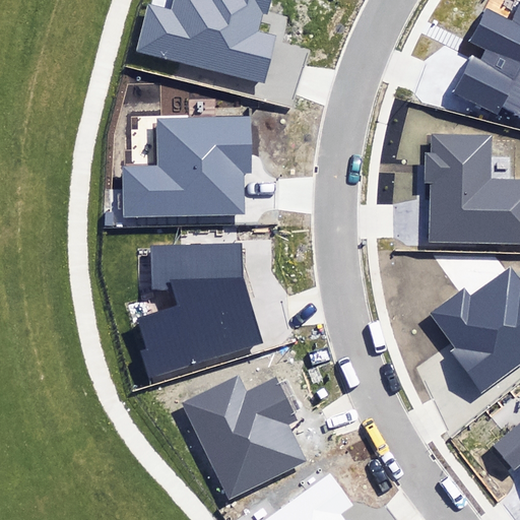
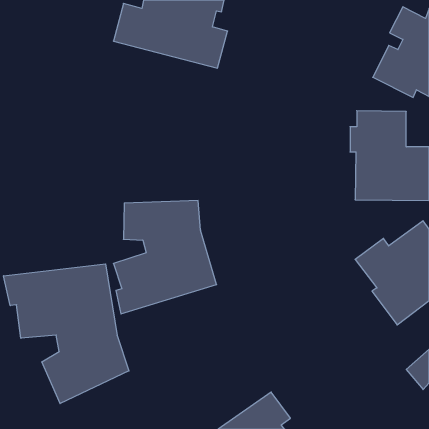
building: [124,117,251,215] -> none
building: none -> [4,264,129,404]
building: [183,377,307,499] -> none

